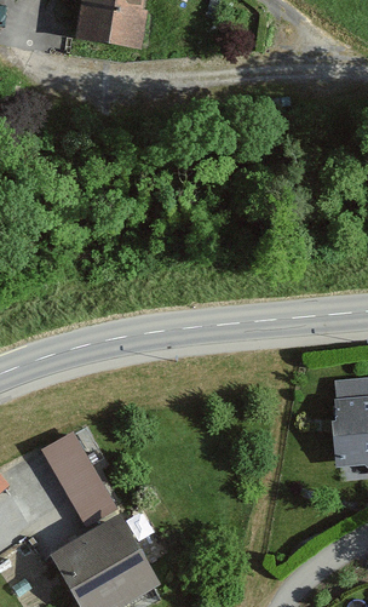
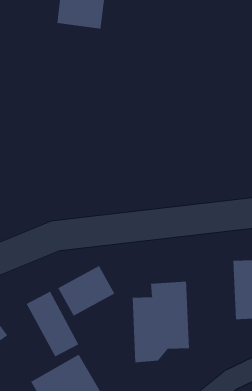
building: none -> [58,265,115,316]
building: none -> [132,281,189,363]

